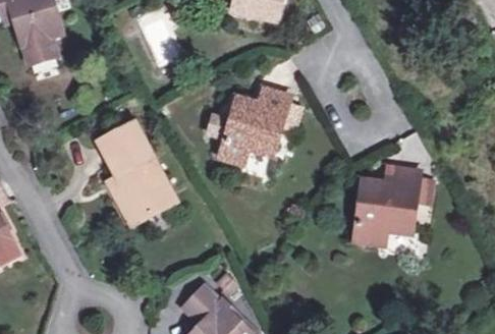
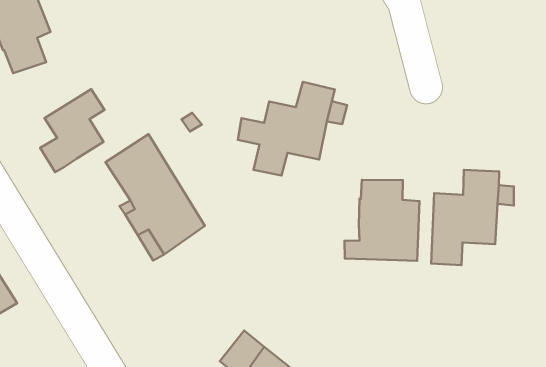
building: none -> [40,89,104,172]
building: none -> [345,180,420,261]

